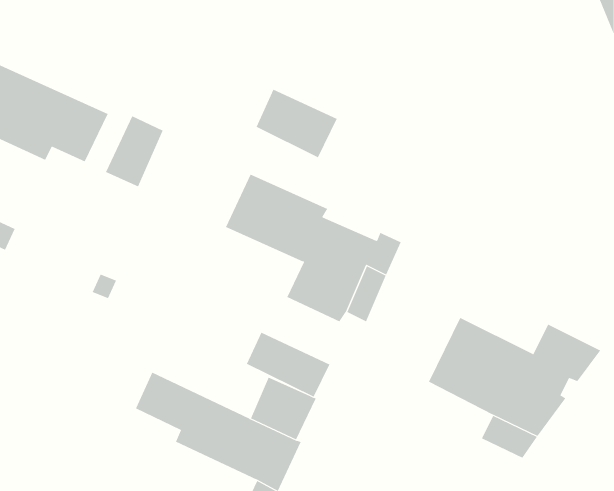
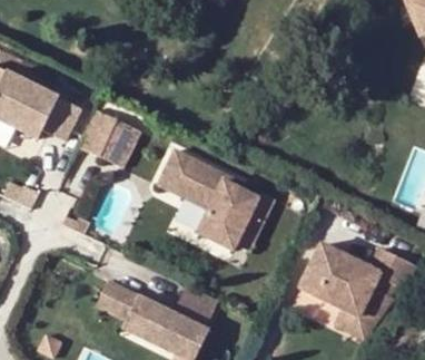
building: [256,89,337,158] -> none
building: none -> [101,118,141,166]
building: [246,332,330,397] -> none

